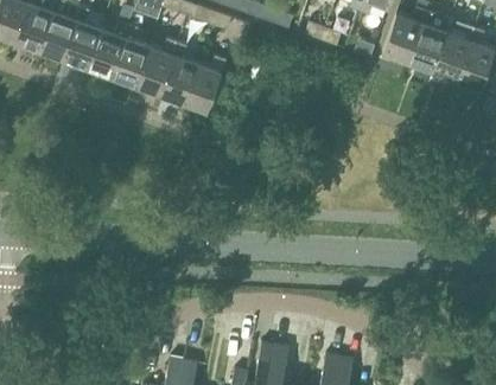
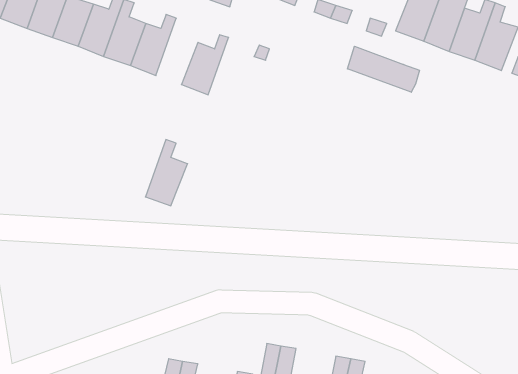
building: [158,41,197,103] -> [145,140,188,206]
building: none -> [347,46,420,92]

